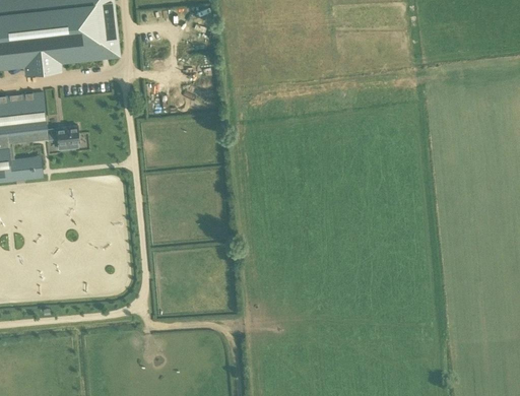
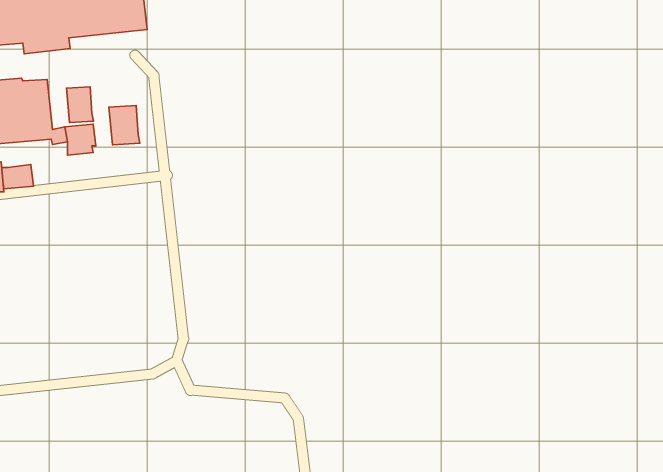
building: none -> [66,87,93,123]
building: none -> [109,106,140,145]

